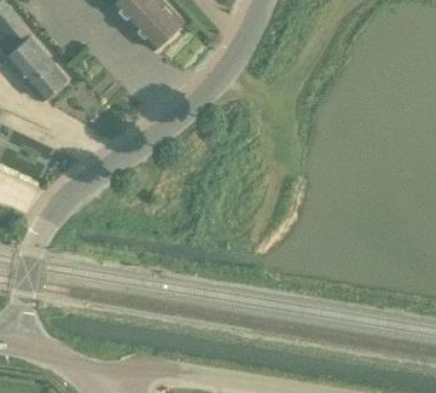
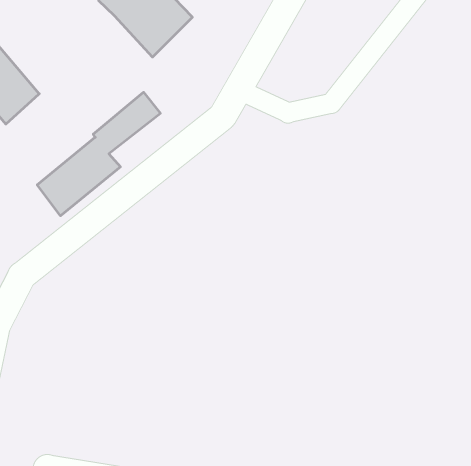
building: none -> [37,92,160,216]

